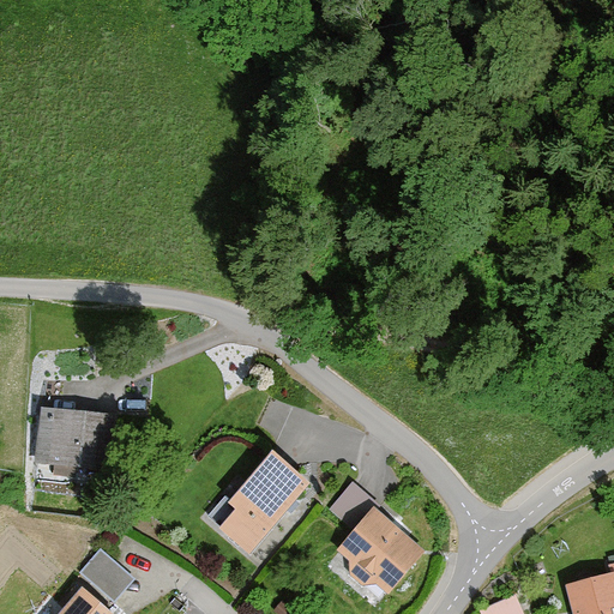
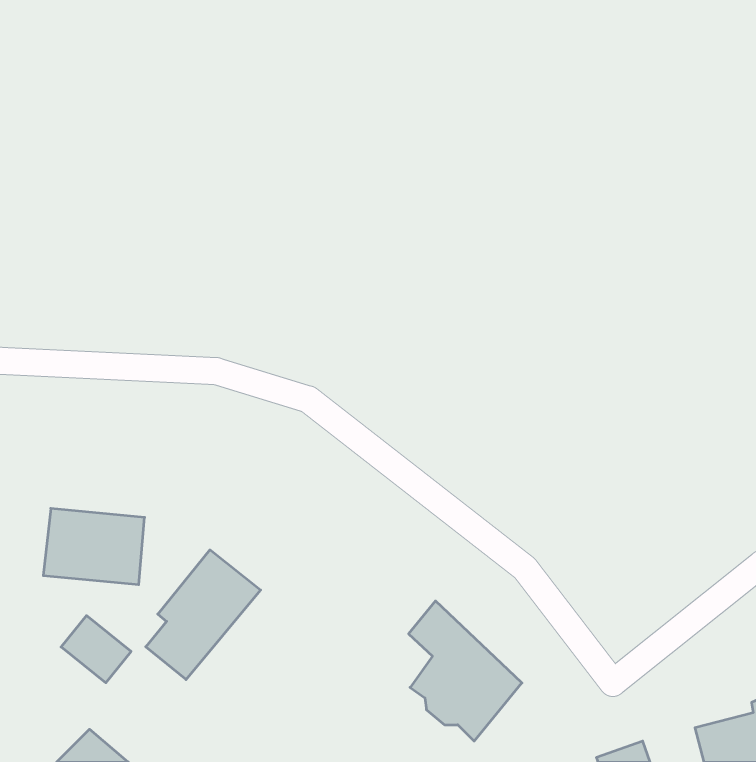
building: [215,450,307,554] -> [146,550,261,680]
building: [79,550,136,604] -> [61,616,131,683]

